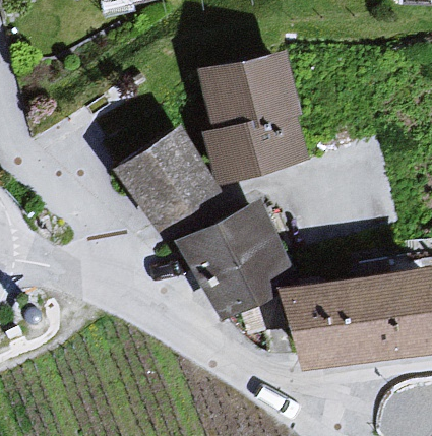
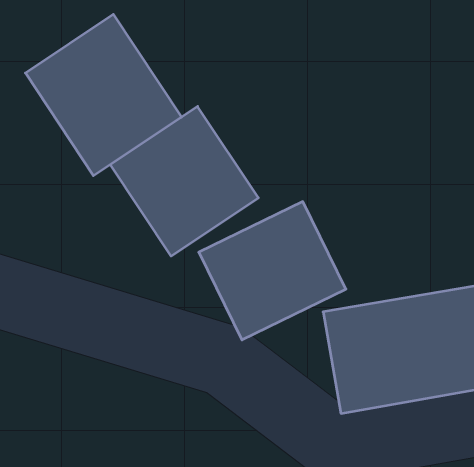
building: [196,47,308,185] -> none
building: none -> [25,14,181,176]

